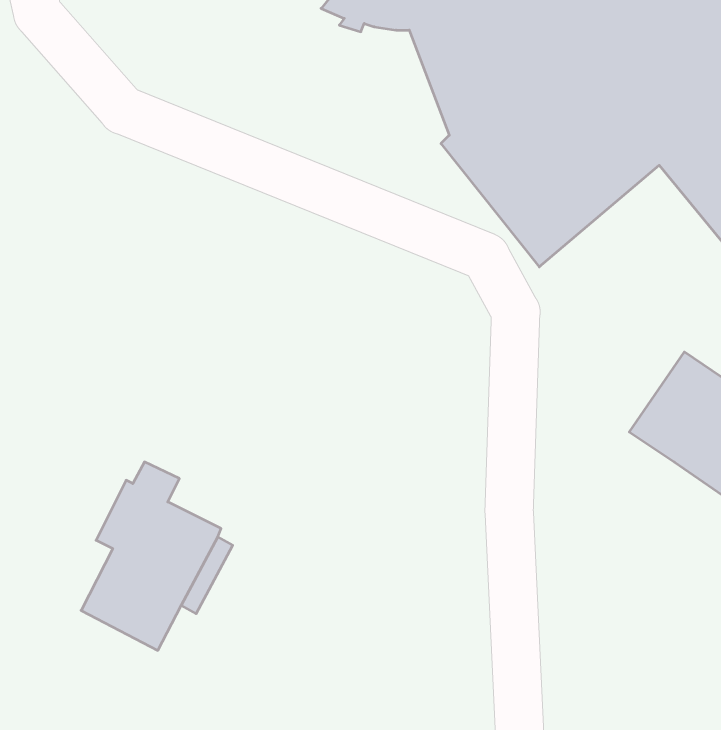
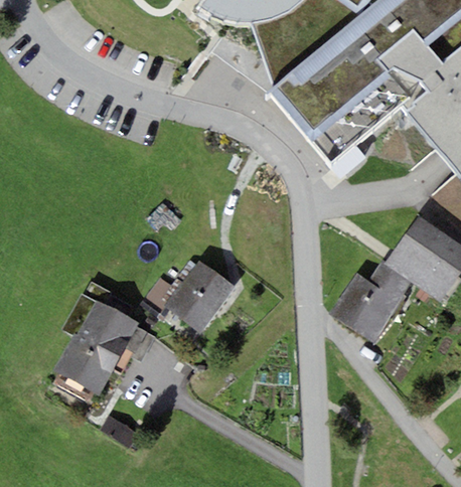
building: none -> [163,260,235,331]
building: none -> [330,261,412,341]

